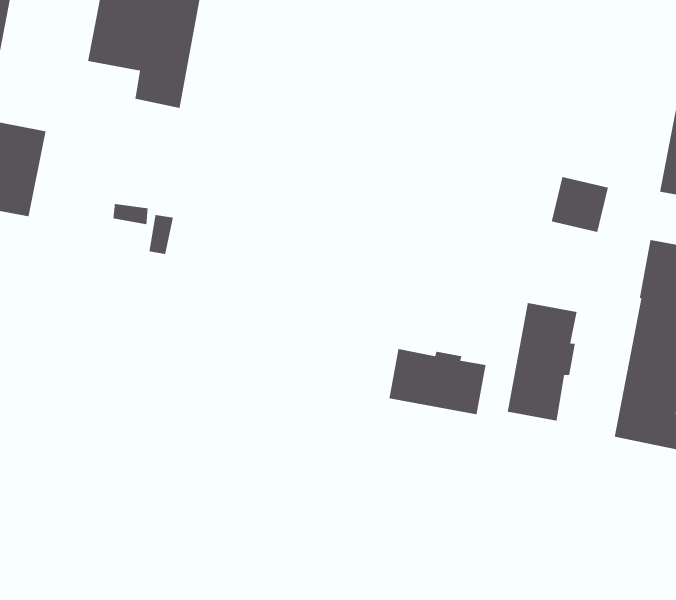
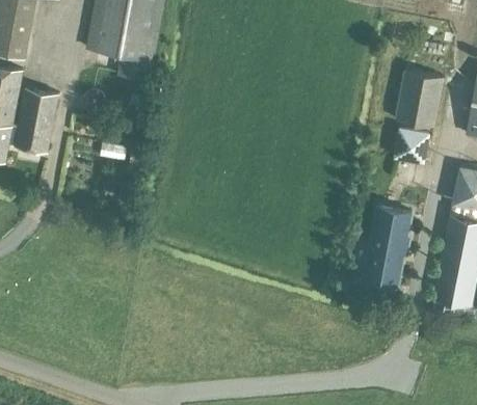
building: none -> [395,71,443,128]
building: [388,348,487,415] -> none

